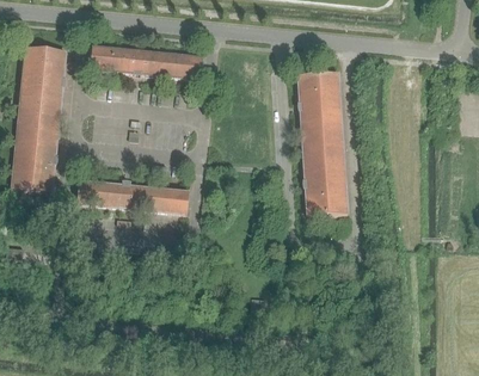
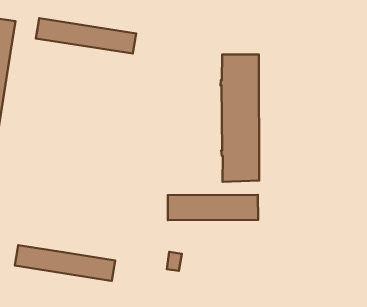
building: [76,179,188,212] -> [15,245,115,281]
building: none -> [168,195,258,220]

